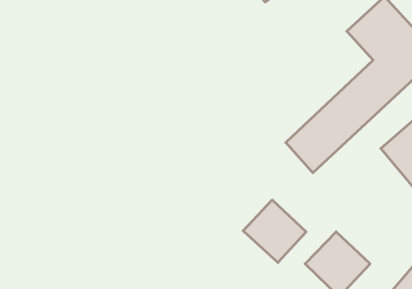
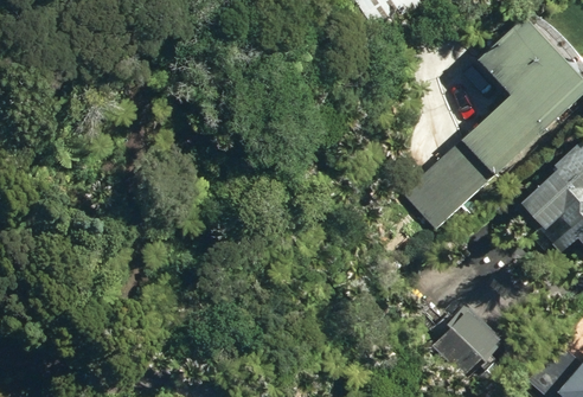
building: [243,200,306,263] -> none

